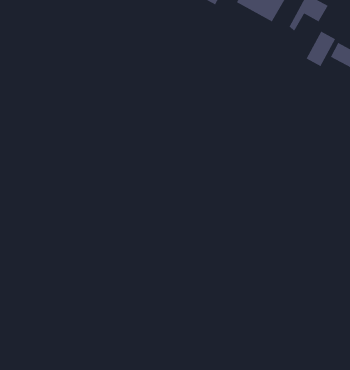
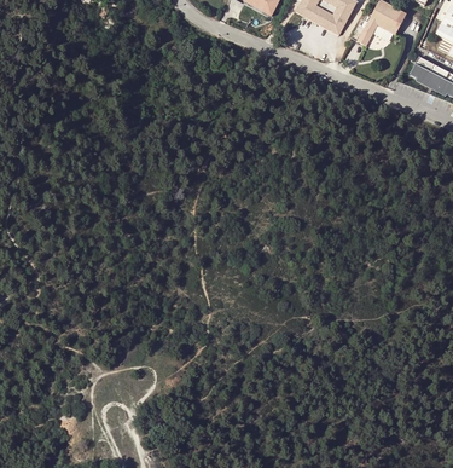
building: [306,30,336,67] -> none

